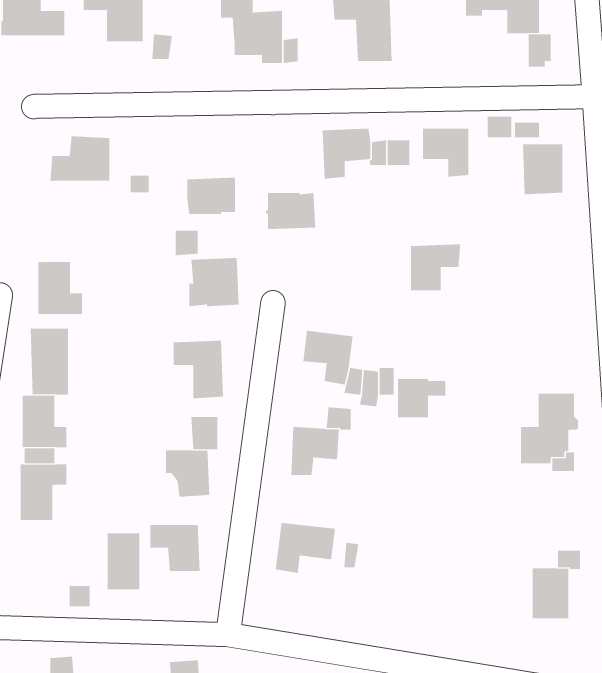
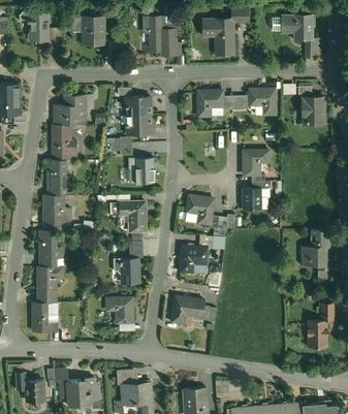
building: [265,192,316,230] -> [125,97,152,117]
building: none -> [53,125,76,153]
building: [397,378,446,418] -> [244,189,270,210]
building: [107,533,140,590] -> [33,302,51,332]

